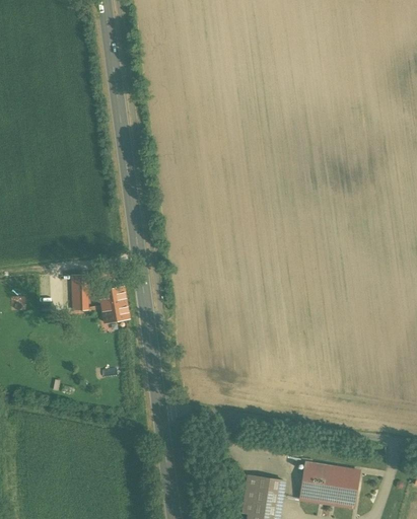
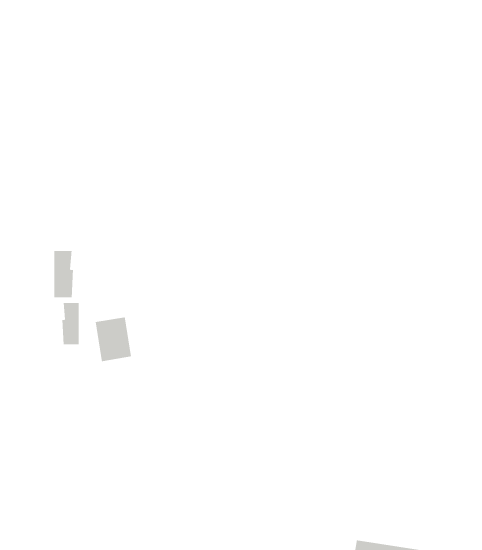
building: none -> [54,250,73,298]

